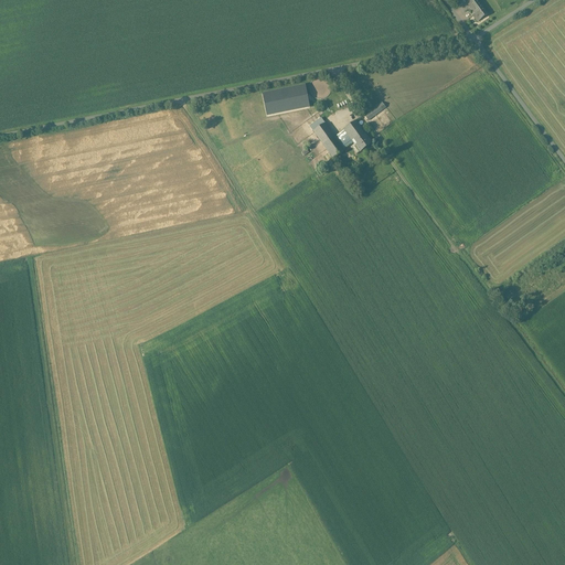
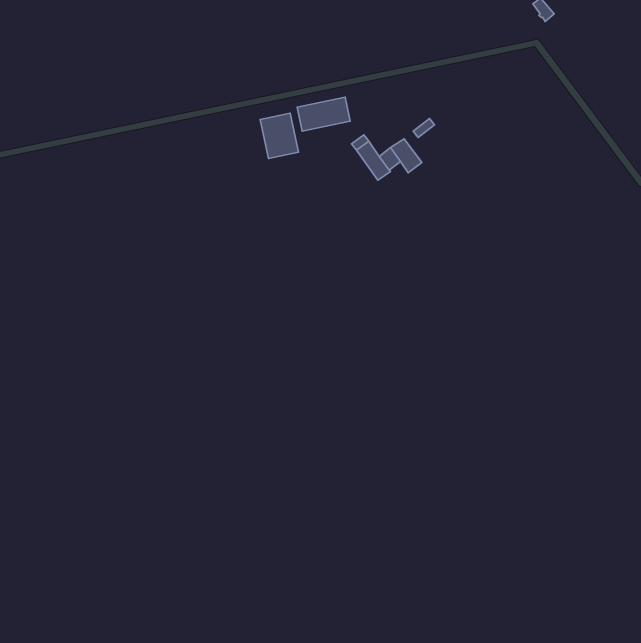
building: none -> [260,113,299,159]

